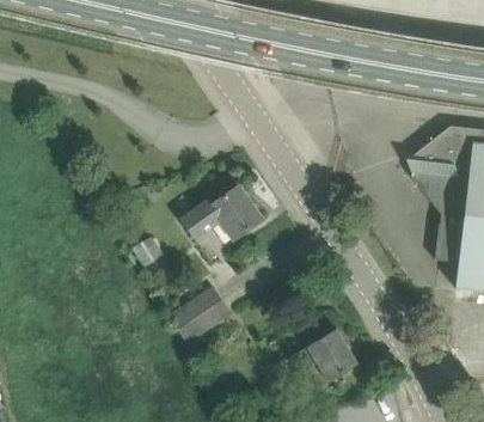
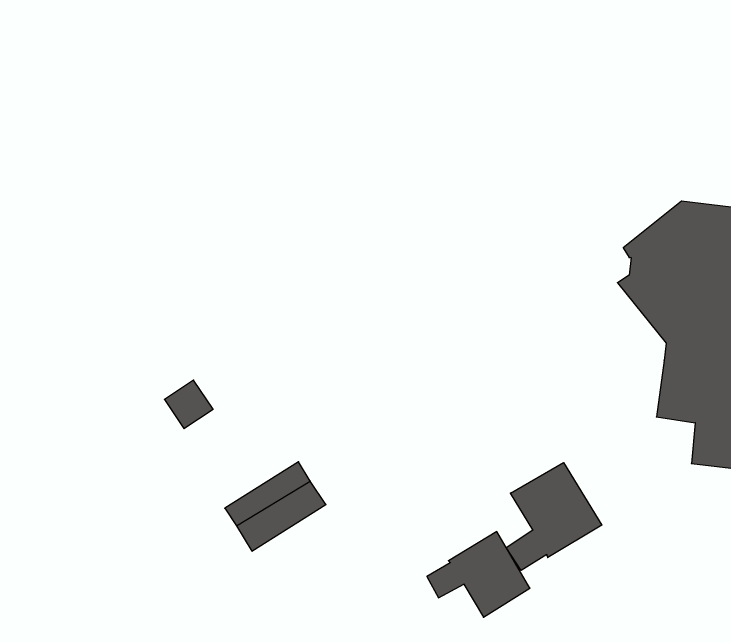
building: [183,188,262,239] -> none
building: none -> [506,463,602,570]

